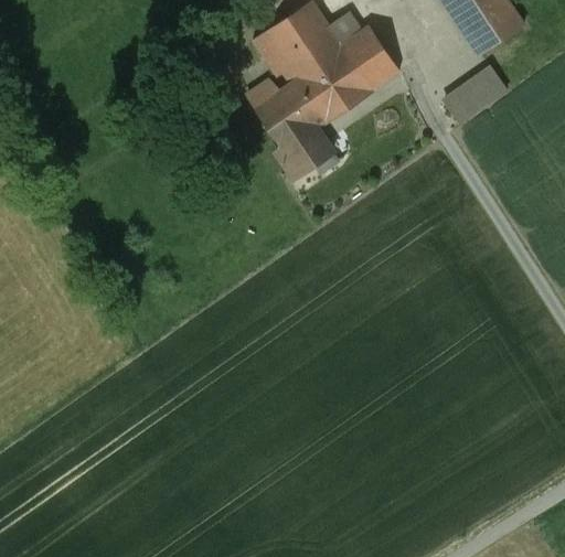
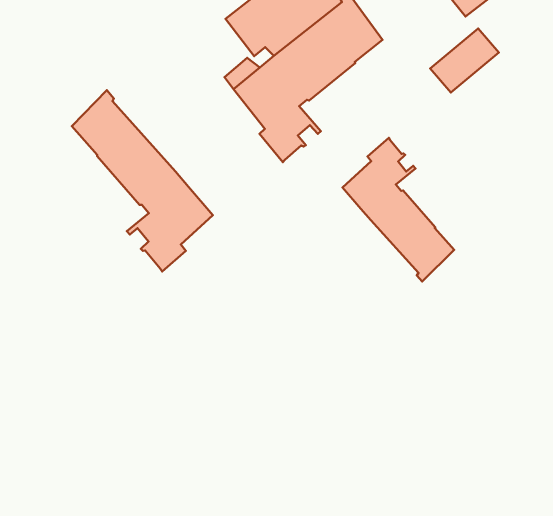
building: none -> [72,90,213,272]
building: none -> [343,138,454,282]

